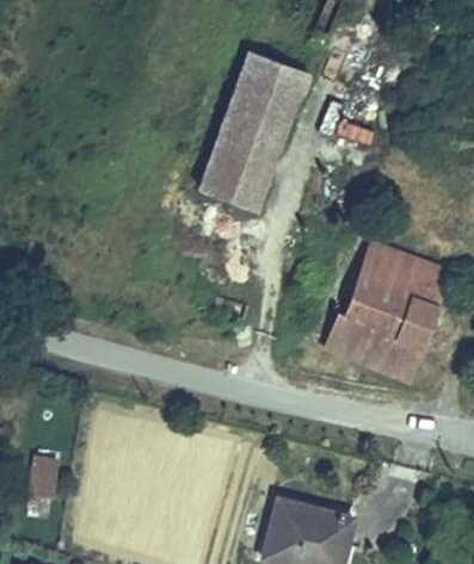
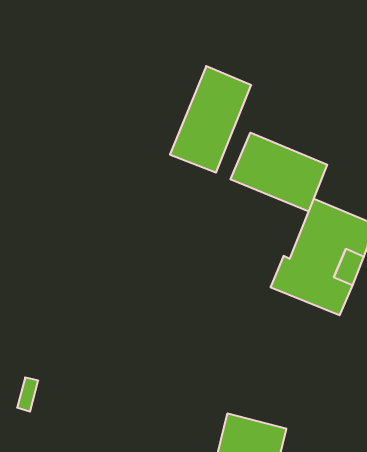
building: [246,44,315,107] -> none
building: none -> [231,133,327,211]

